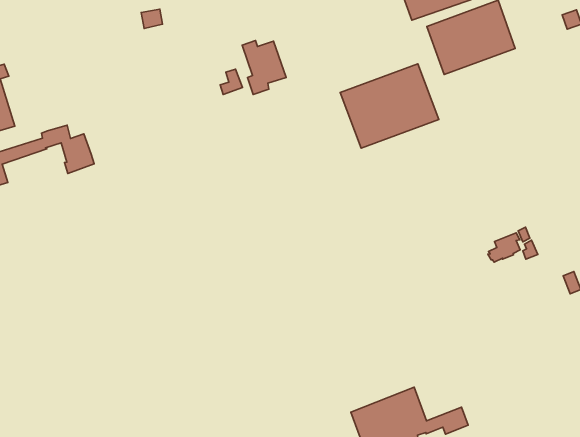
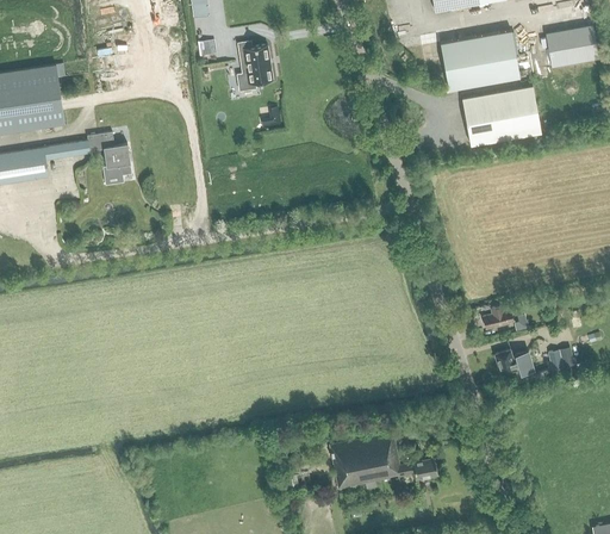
building: [242,40,286,95] -> [237,42,273,92]
building: [340,64,439,148] -> none
building: none -> [494,349,549,381]

